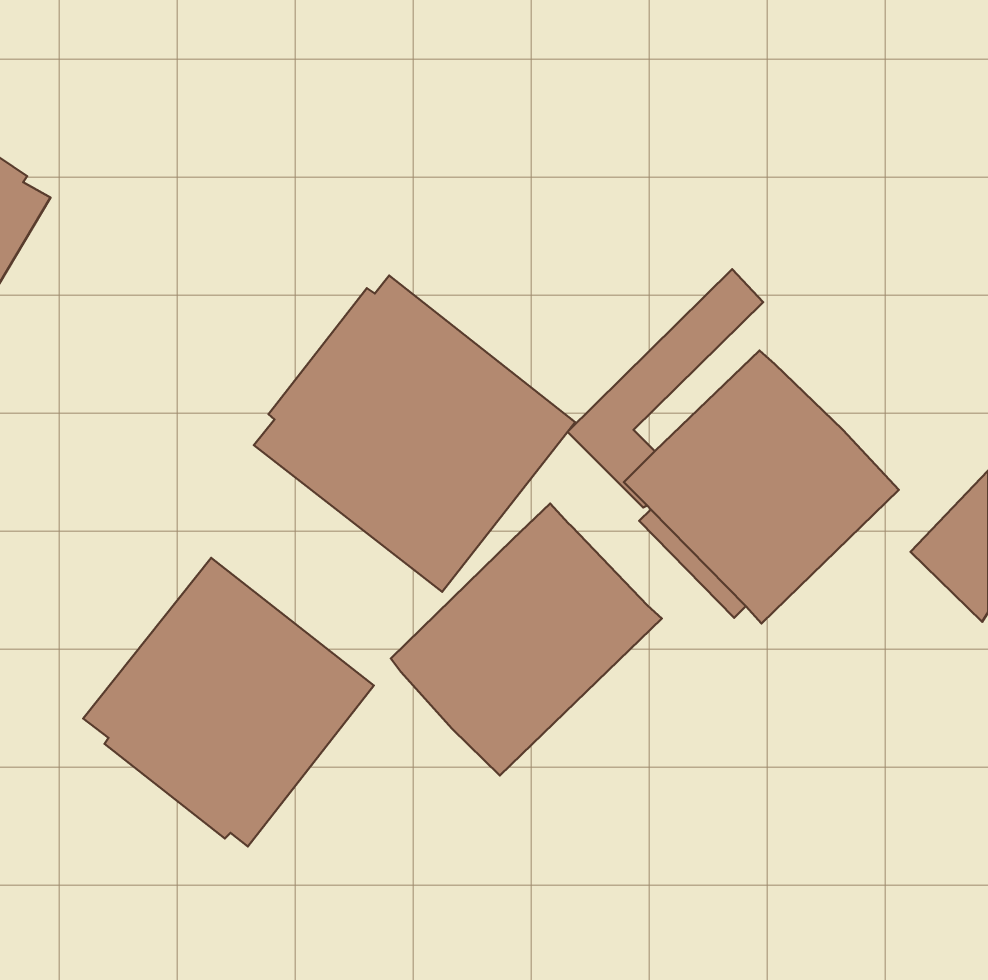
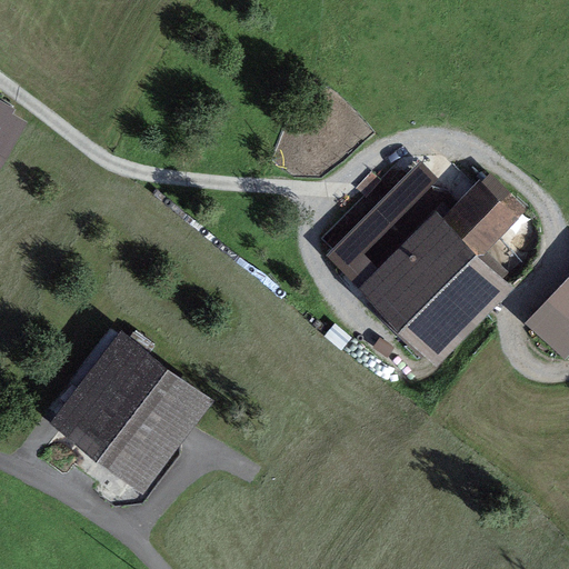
building: [254,275,575,592] -> none
building: none -> [445,174,526,252]
building: [391,503,662,775] -> none

